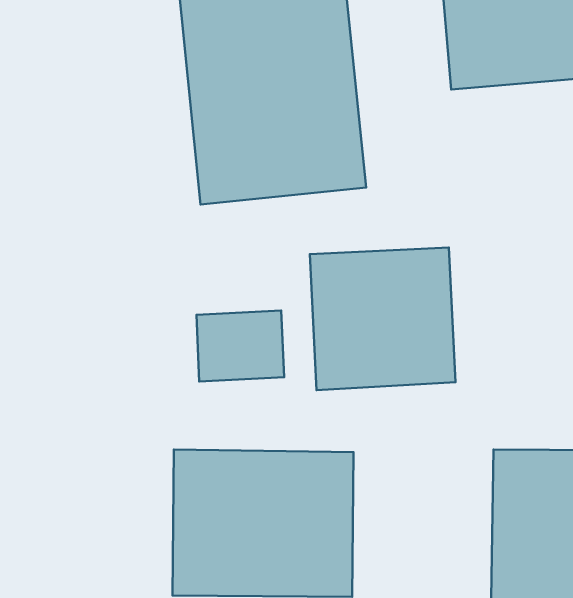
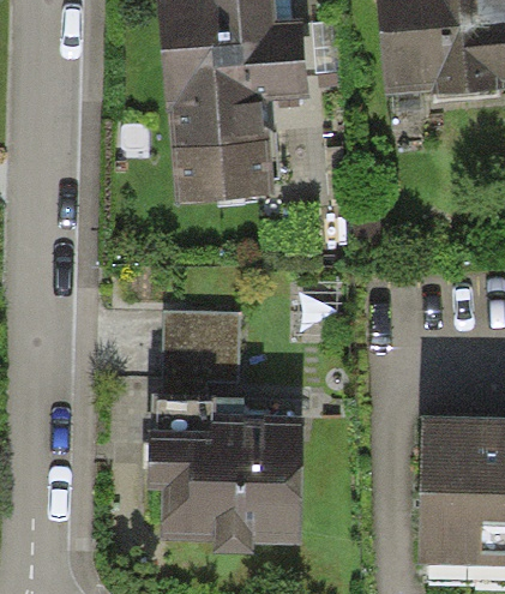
building: [310,247,456,390] -> none

